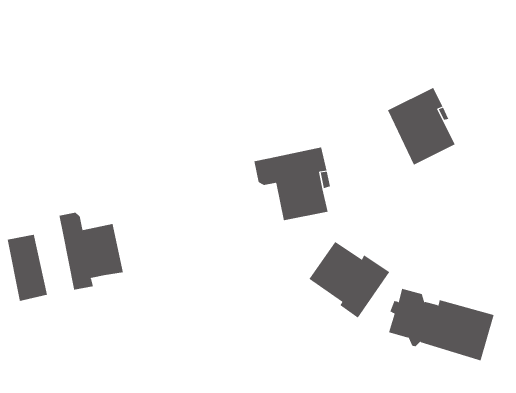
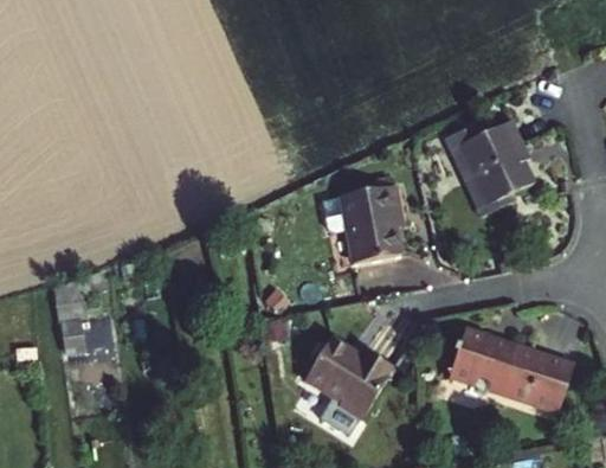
building: [59,212,123,290] -> none
building: [308,241,390,319] -> [289,340,376,423]

